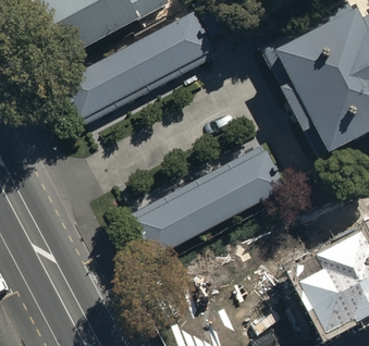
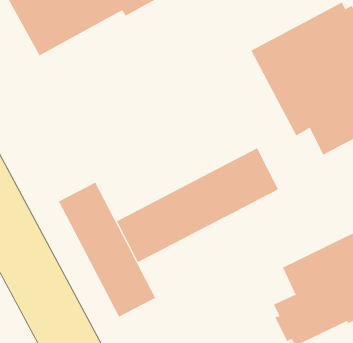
building: [61,11,213,120] -> none
building: none -> [58,182,156,318]

